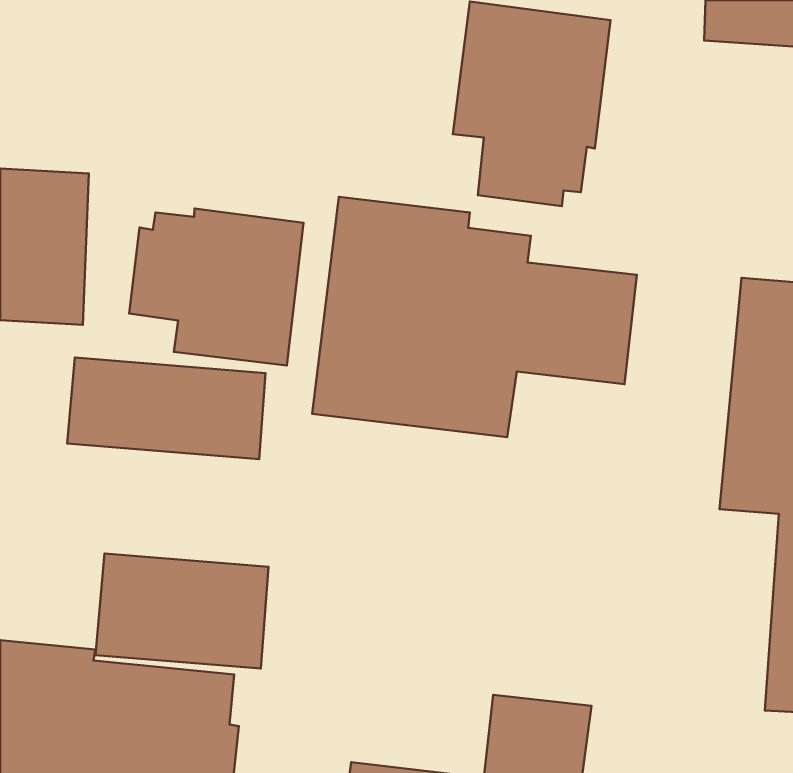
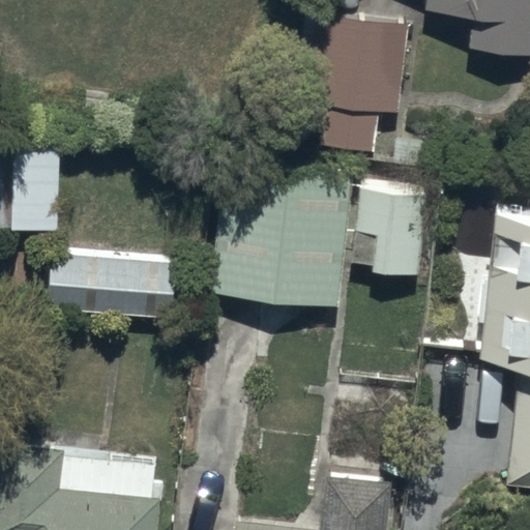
building: [129,209,304,366] -> none
building: [96,554,268,669] -> none

